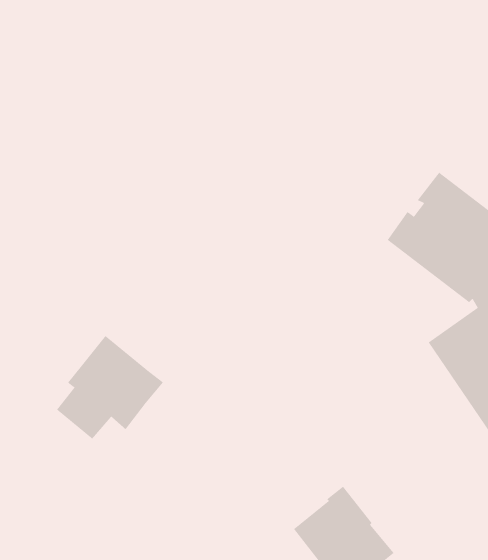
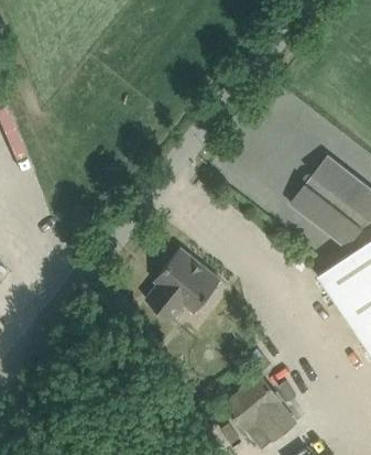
building: [56,335,164,440] -> [146,250,221,323]

